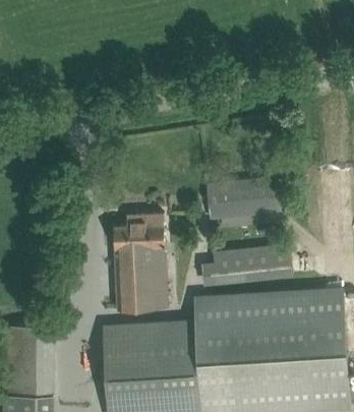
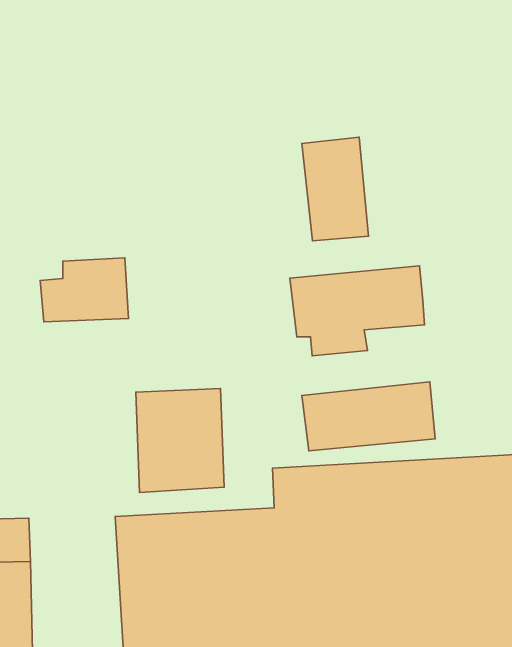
building: none -> [302,137,369,241]
building: [113,214,165,251] -> [40,258,128,322]

